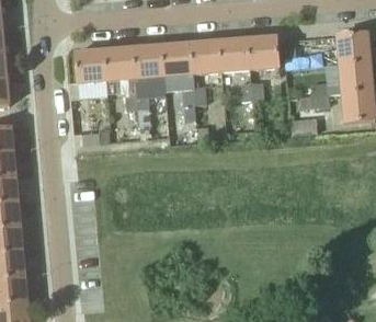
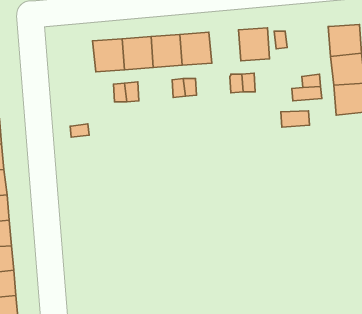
building: [218,38,250,71] -> none
building: [75,49,106,82] -> none

